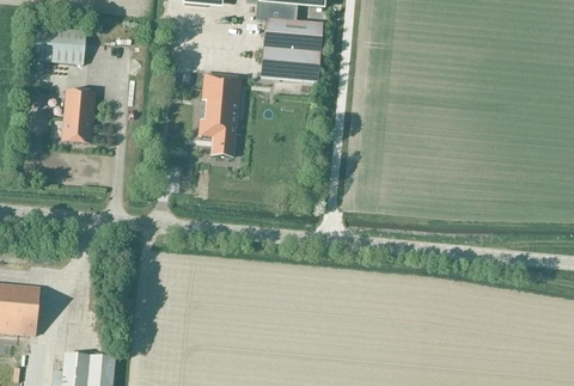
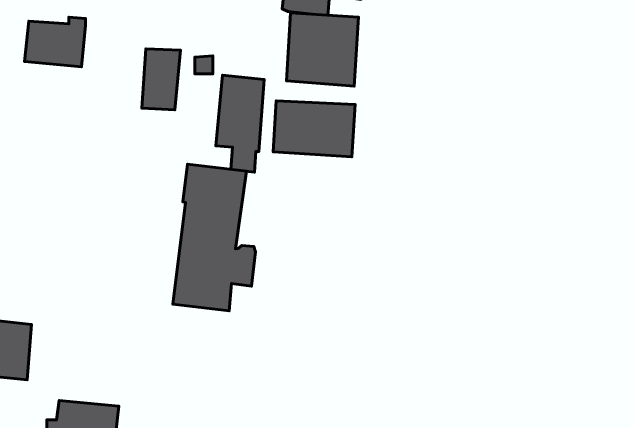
building: [61,88,94,141] -> [142,49,181,110]
building: none -> [273,101,355,157]
building: none -> [173,164,255,311]

